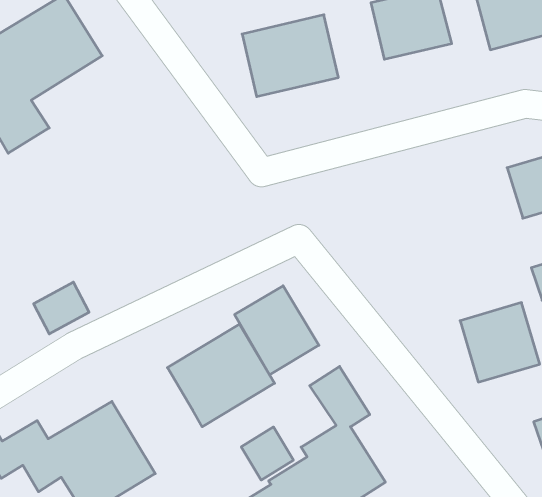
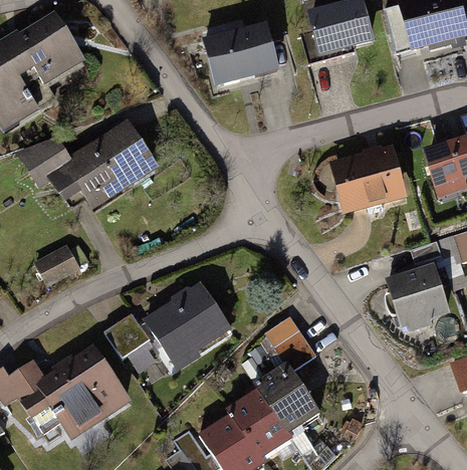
building: none -> [14,119,157,222]
building: none -> [329,144,409,215]
building: [235,286,319,375] -> none
building: none -> [104,309,162,371]
building: [241,427,293,480] -> none

